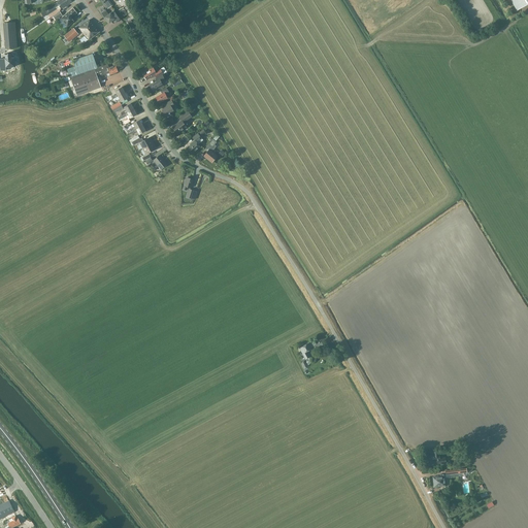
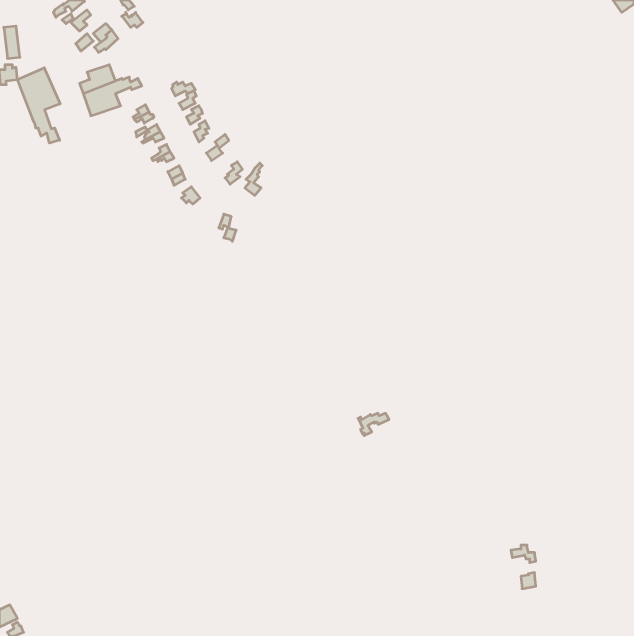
building: none -> [17,68,60,143]

